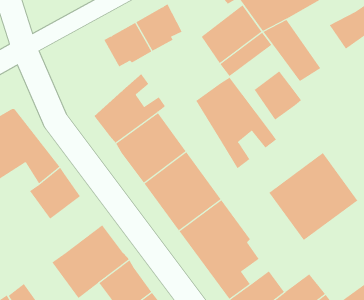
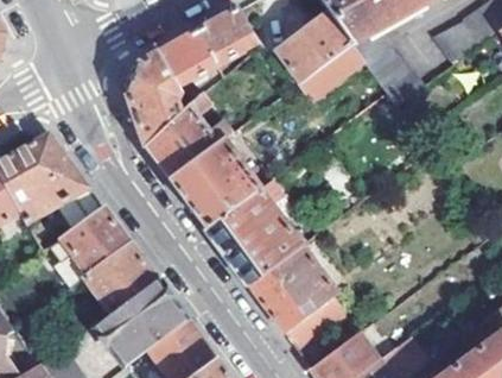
building: none -> [127,53,179,146]
building: [254,70,302,120] -> none
building: [196,77,277,169] -> none
building: [269,152,358,241] -> none
building: none -> [84,244,155,313]

